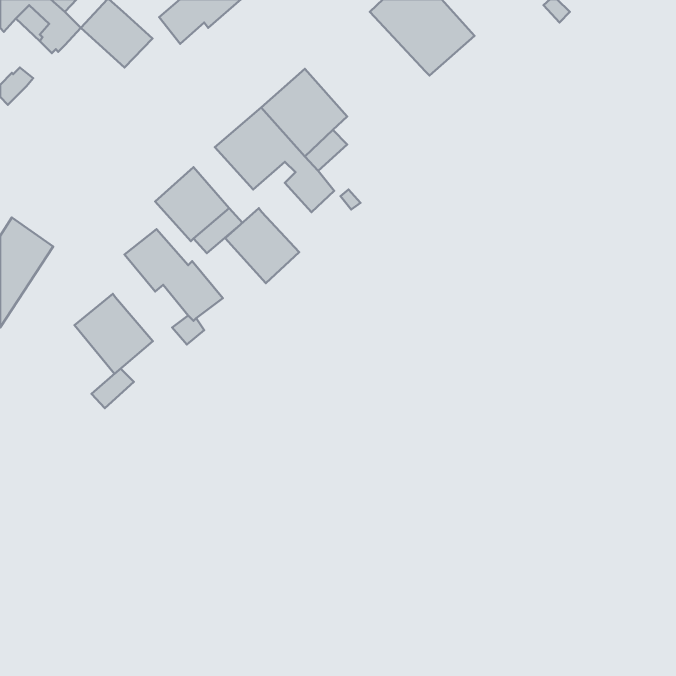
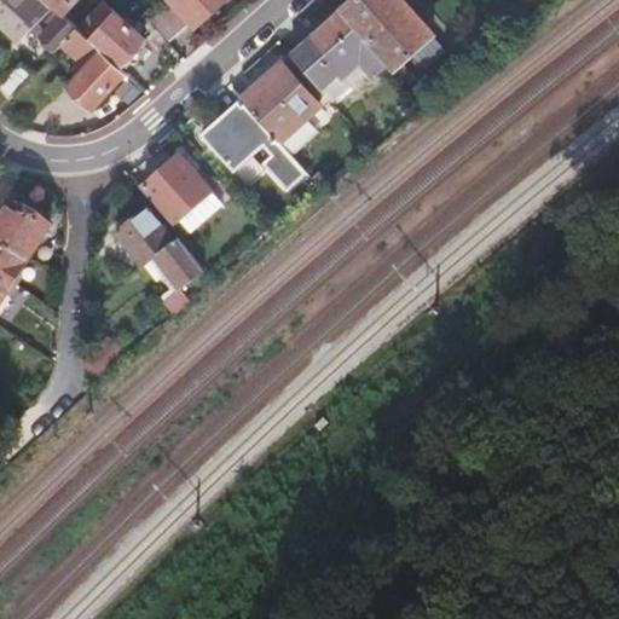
building: none -> [289,11,389,87]
building: none -> [60,25,123,106]
building: [225,208,299,283] -> none
building: [74,294,153,374] -> none

